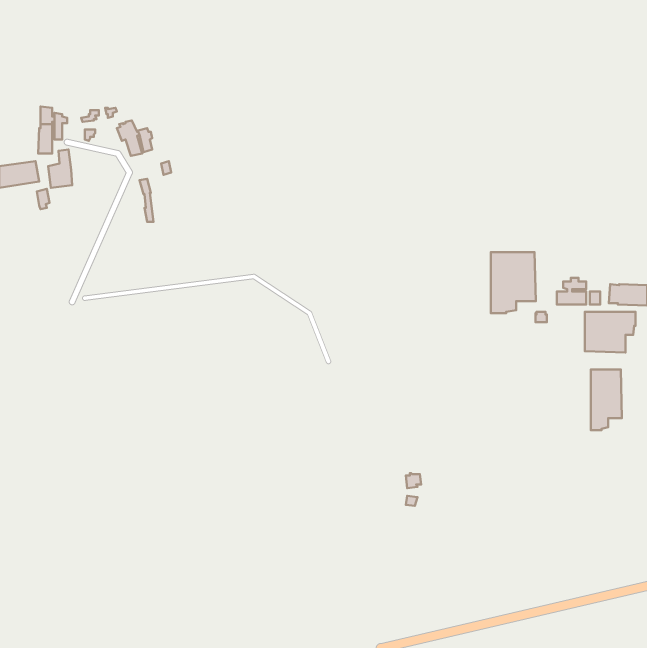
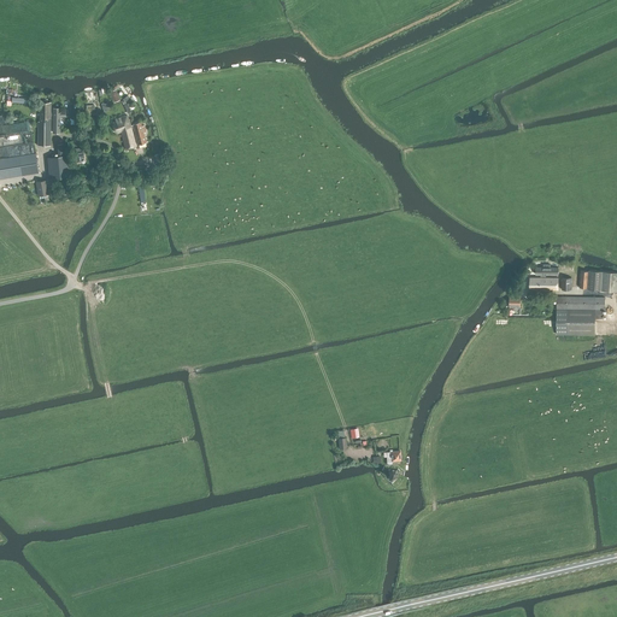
building: [491,252,536,313] -> none
building: [591,370,622,430] -> none

